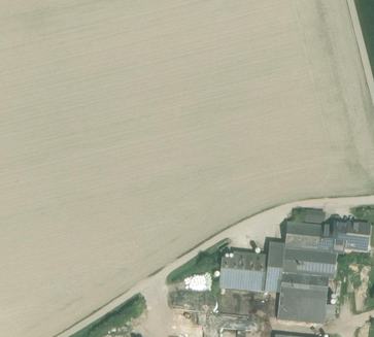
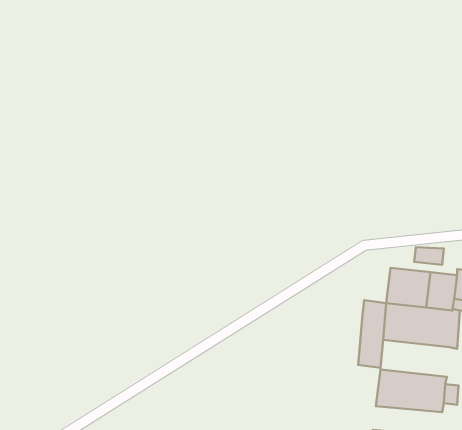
building: [218,251,268,290] -> none
building: [280,272,329,298] -> none

